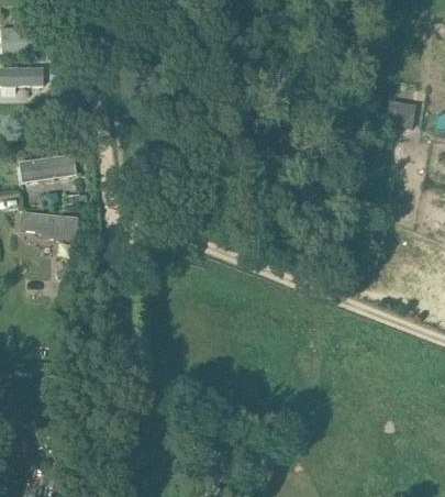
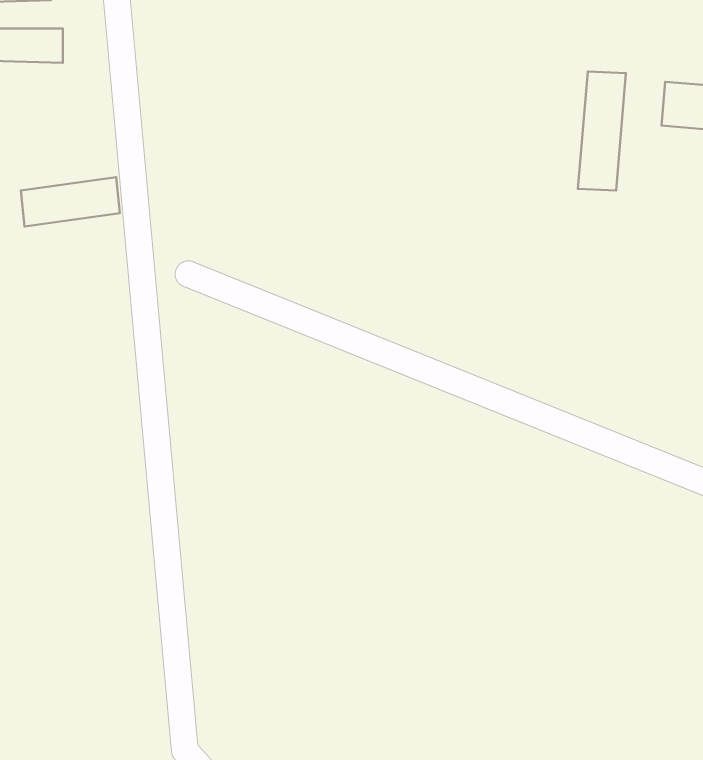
building: none -> [578,72,626,190]
building: [21,213,76,243] -> none

